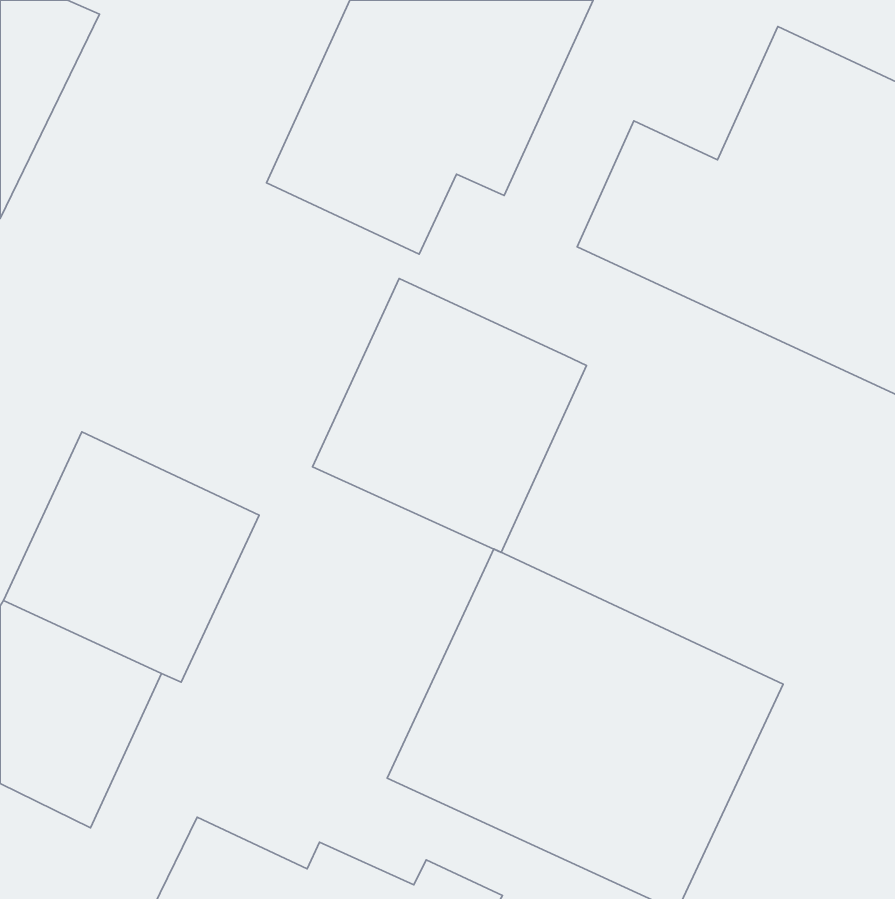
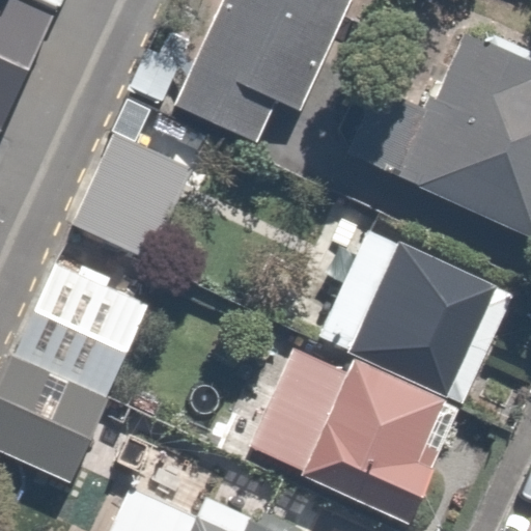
building: none -> [67,134,191,267]
building: [312,279,587,552] -> none
building: none -> [308,219,516,398]

